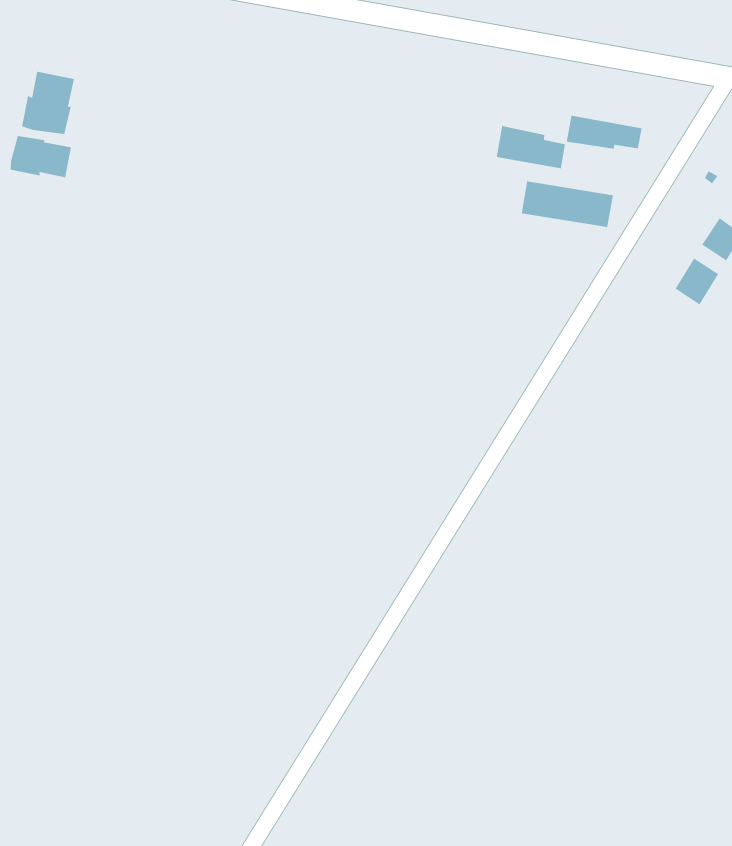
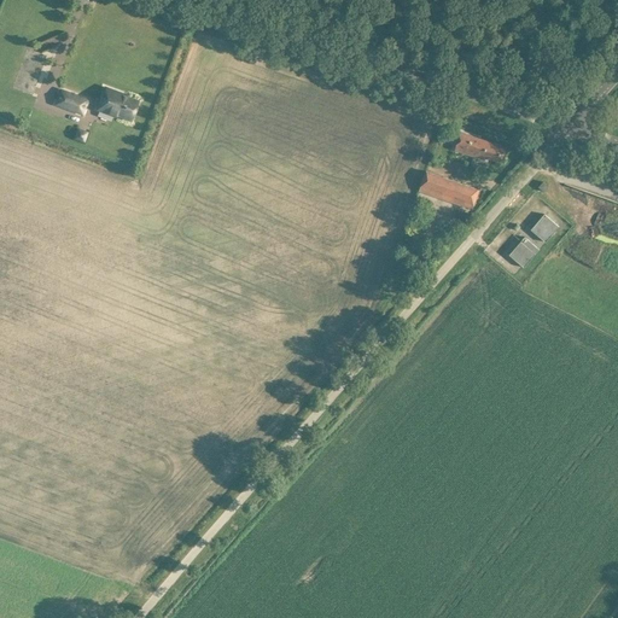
building: [21,71,75,135] -> none
building: [496,125,566,169] -> none

